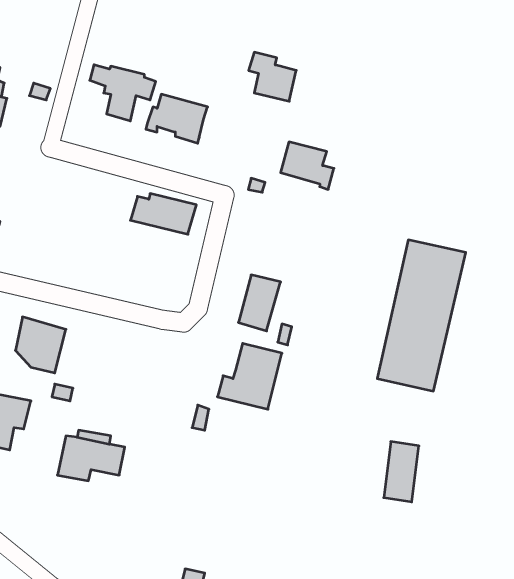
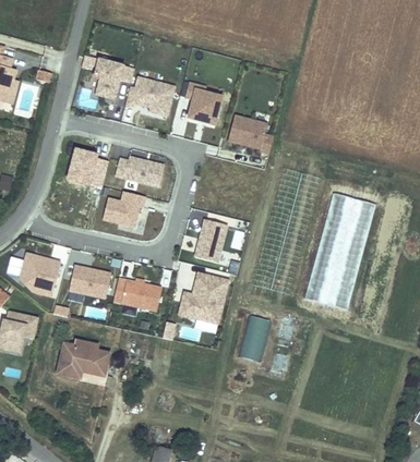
building: [249,52,296,101] -> [183,83,220,121]
building: none -> [64,146,106,186]
building: none -> [101,190,144,227]
building: none -> [71,264,112,296]
building: none -> [115,277,164,308]
building: [384,442,419,502] -> [238,314,265,361]

